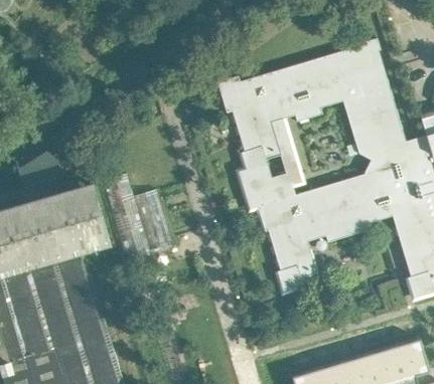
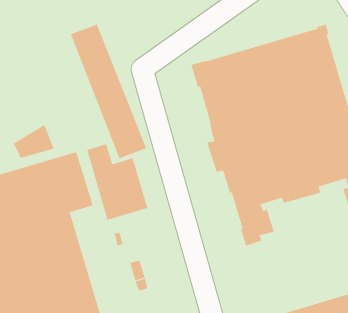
building: none -> [70,24,147,159]

